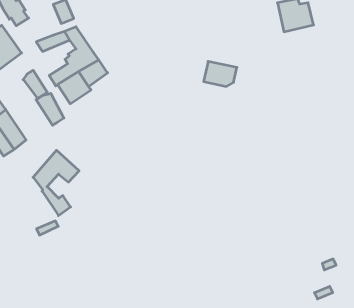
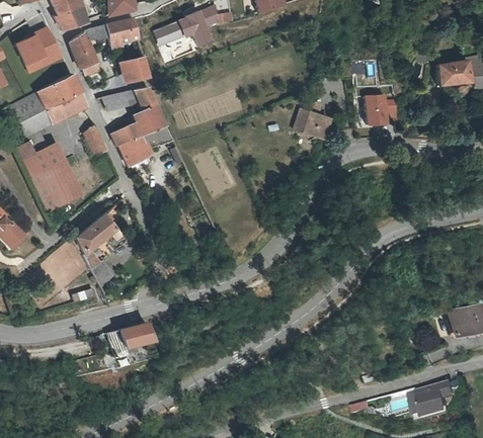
building: [204,61,237,86] -> [293,105,330,135]
building: [36,93,64,125] -> none
building: none -> [115,323,147,347]

